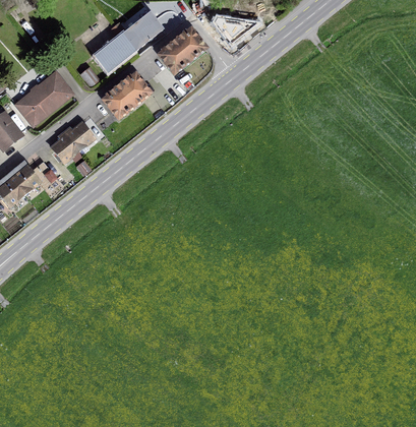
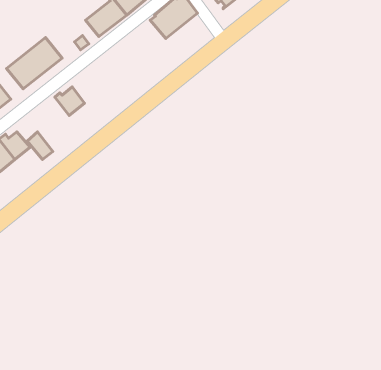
building: [103,74,150,118] -> none
building: [51,131,78,162] -> none

